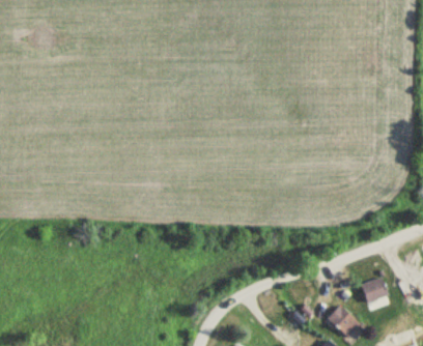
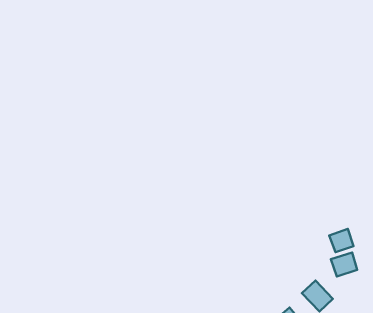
building: none -> [329,229,354,252]

